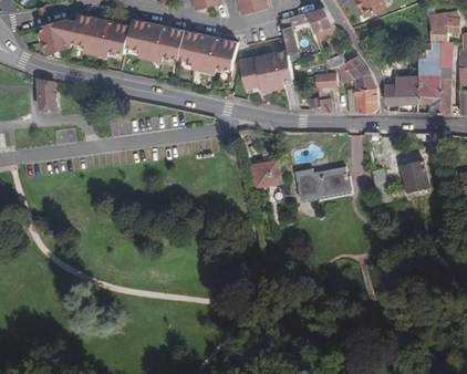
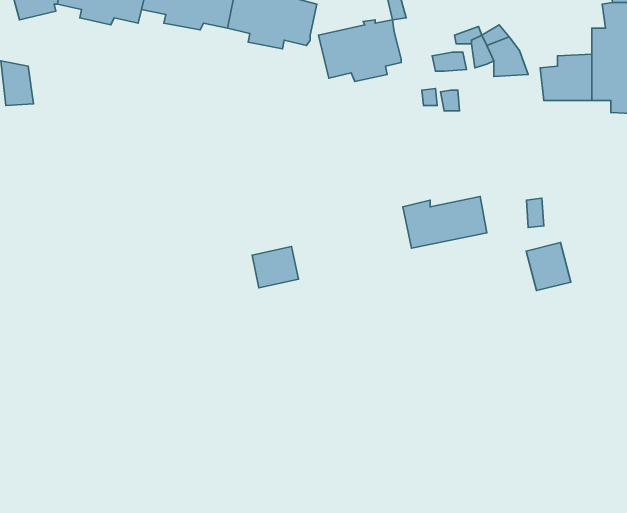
building: [353,89,377,113] -> none
building: [250,160,280,187] -> [252,247,298,288]
building: [399,160,428,191] -> [526,243,571,291]

